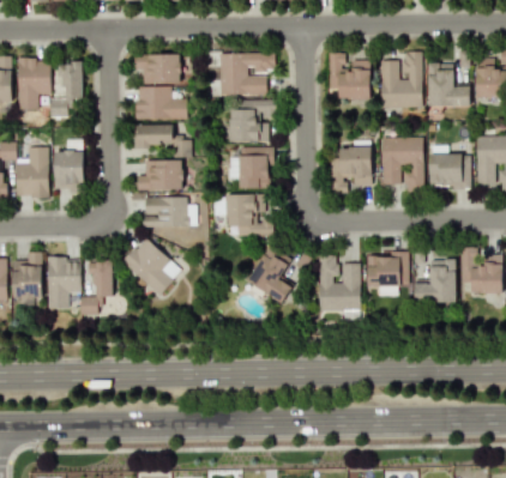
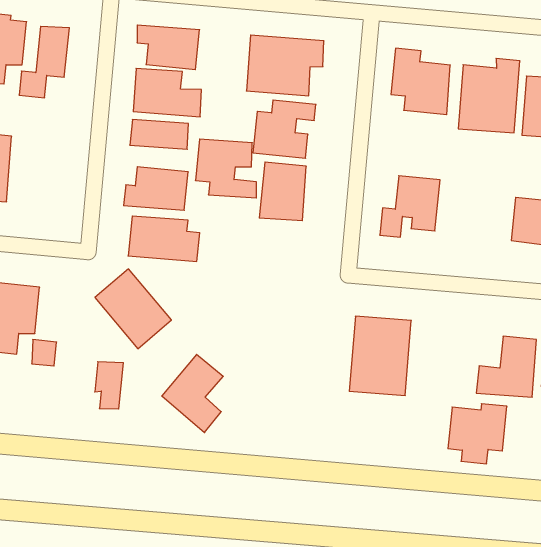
building: [381,137,423,192] -> none
building: [53,141,83,188] -> none
building: [225,194,272,236] -> [195,139,256,198]
building: [246,247,291,304] -> [162,354,223,433]
building: [367,252,408,296] -> [448,404,507,464]
building: [92,261,112,297] -> [95,362,123,409]

